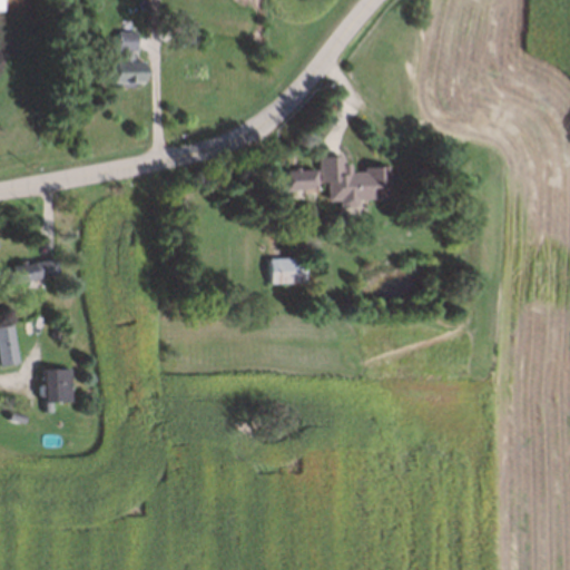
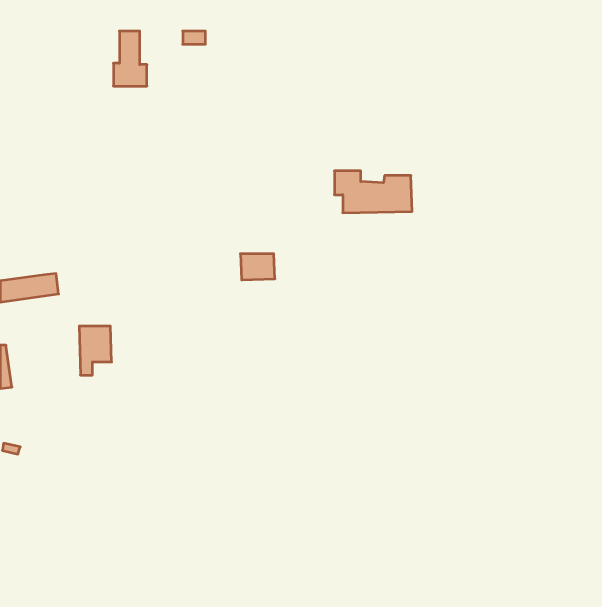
building: [282,171,316,193] -> none
building: [273,259,305,284] -> [240,254,275,280]
building: [42,370,72,415] -> [79,326,112,375]

